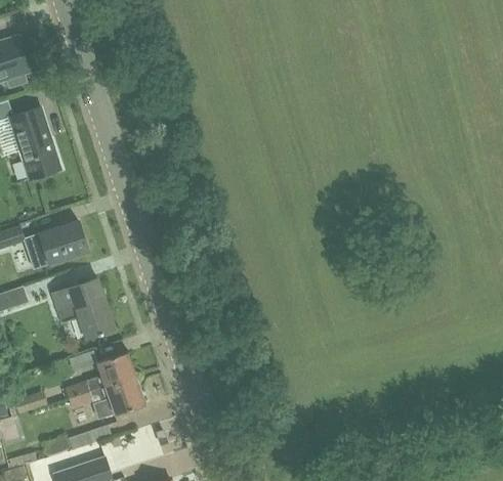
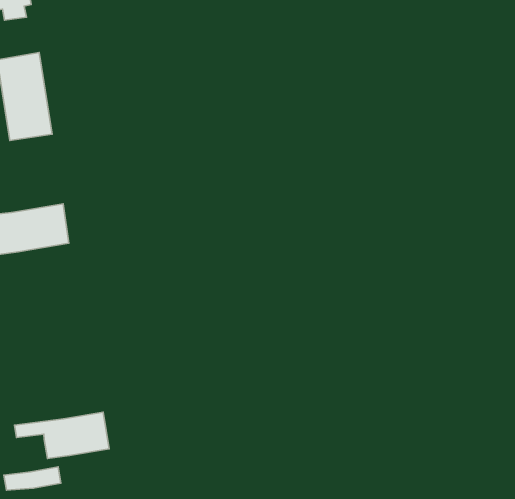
building: [50,276,114,338] -> none
building: [65,351,134,397] -> none

